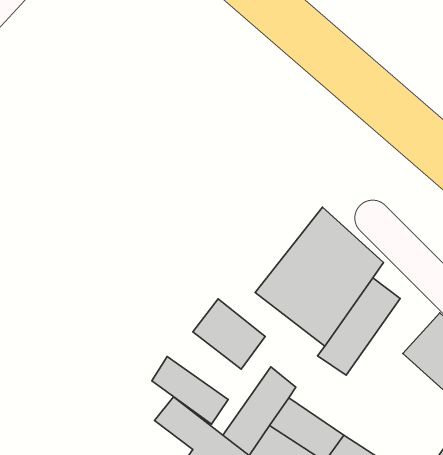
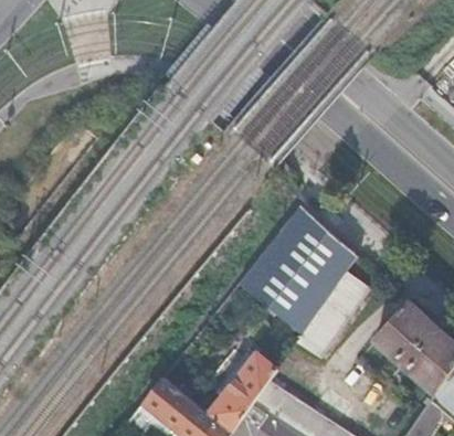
building: [193,299,265,369] -> none
building: [152,357,228,424] -> none

